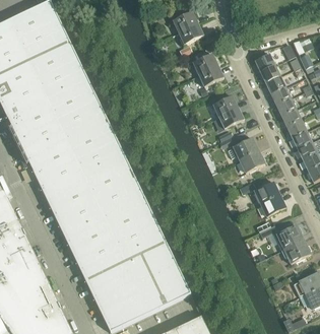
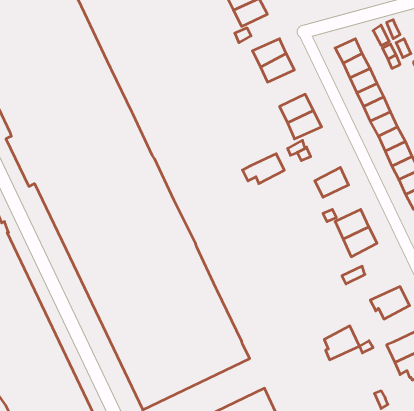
building: [227,137,258,159] -> [242,154,284,184]
building: [276,223,303,249] -> [324,326,359,360]

